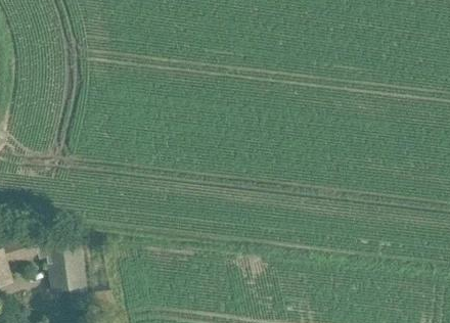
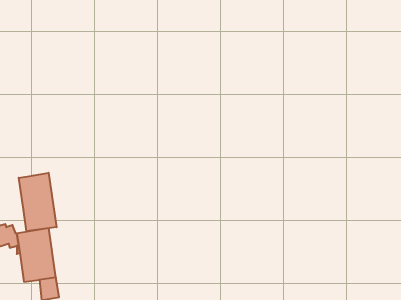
building: none -> [19,173,57,231]

